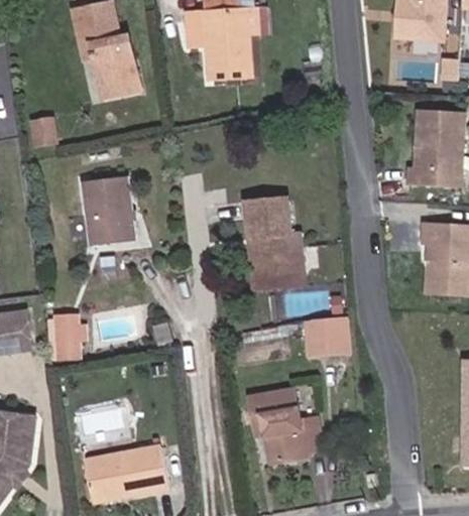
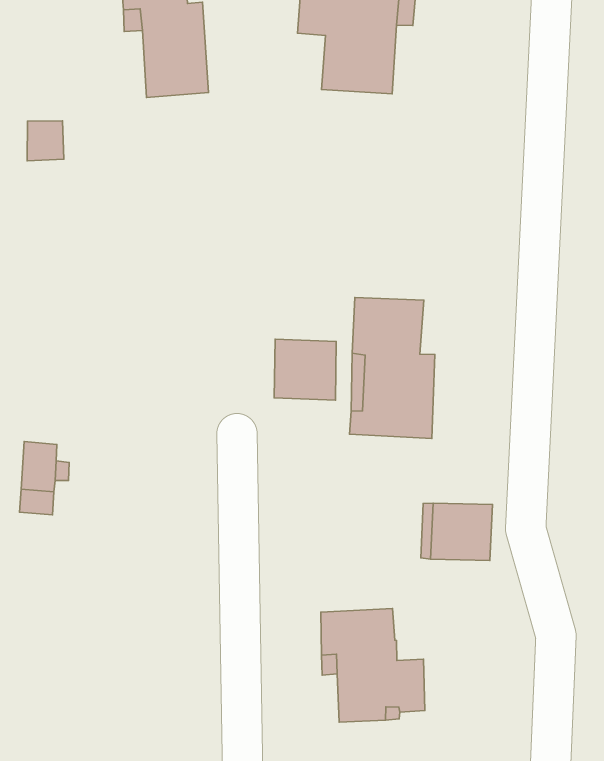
building: [84,178,133,242] -> none
building: none -> [274,339,336,400]
building: [84,443,169,503] -> none

